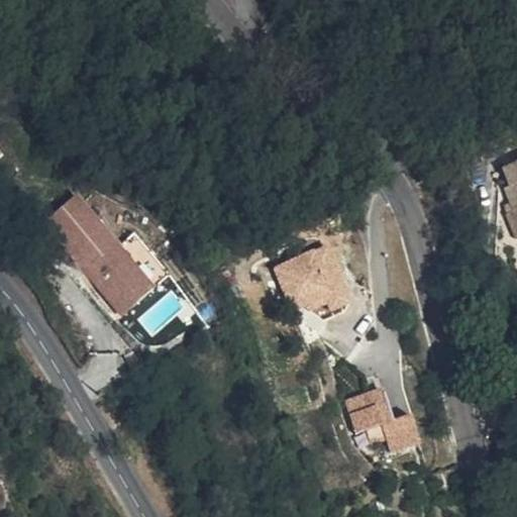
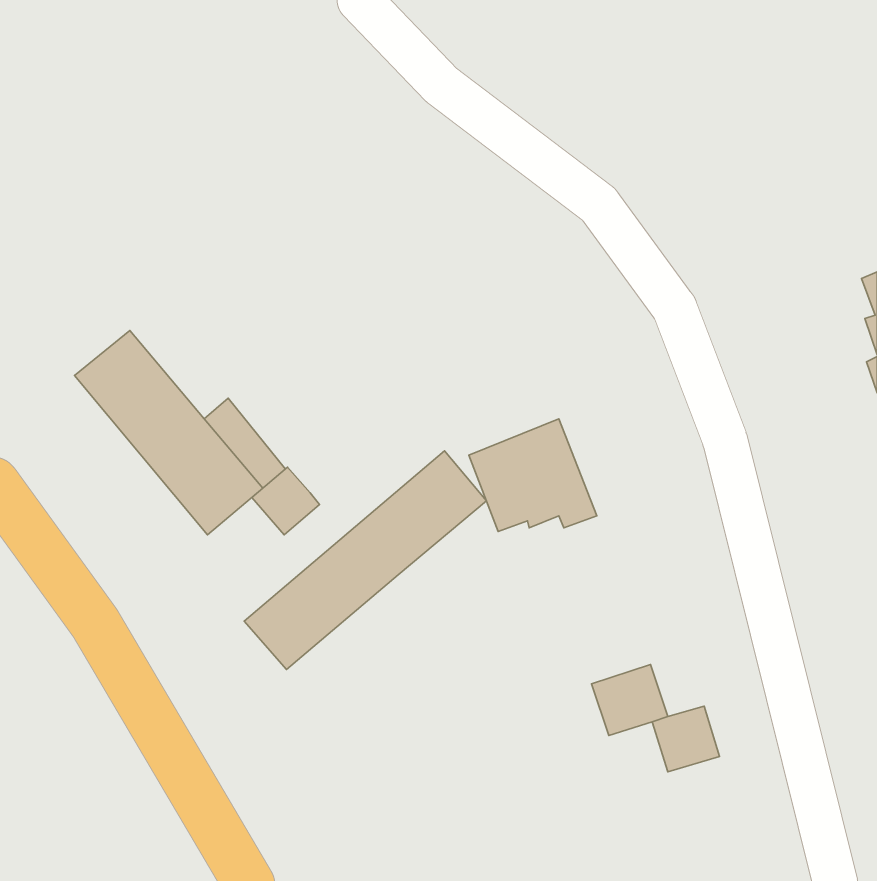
building: none -> [244,451,486,669]
building: none -> [252,467,320,535]

